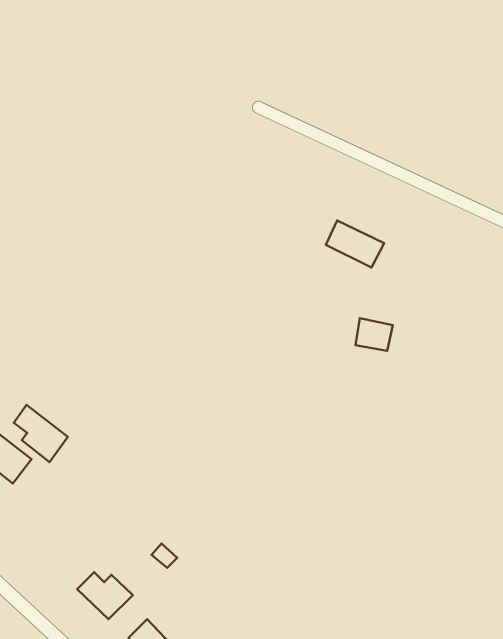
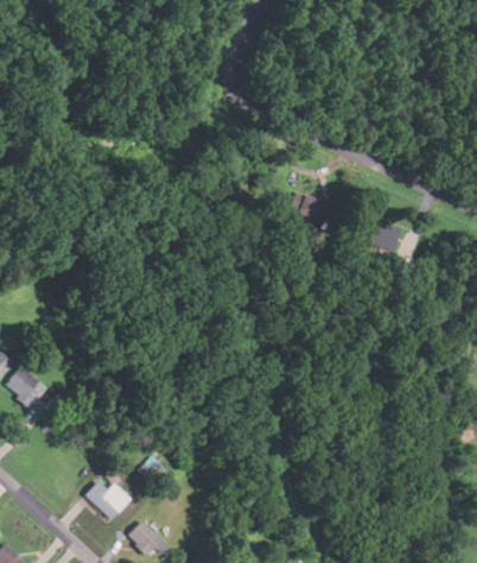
building: [356,318,393,351] -> [368,222,399,249]
building: [14,405,68,462] -> none

